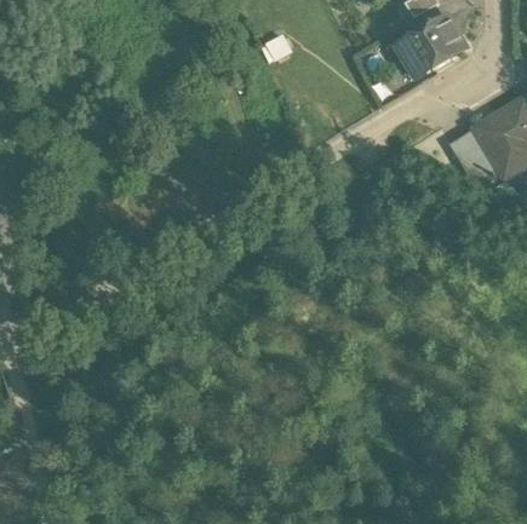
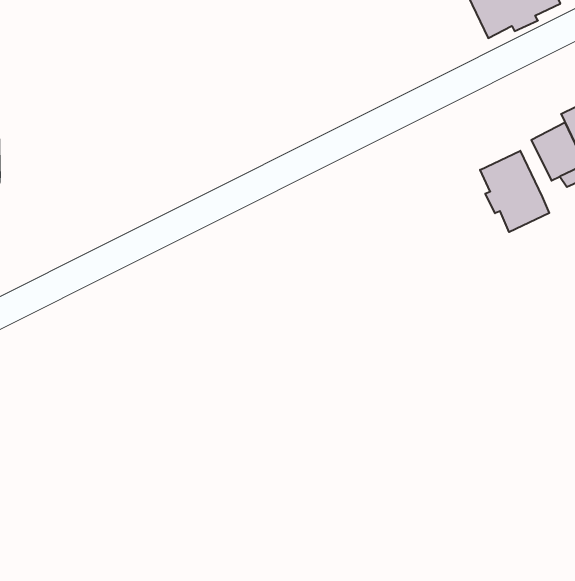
building: none -> [480,151,549,232]

